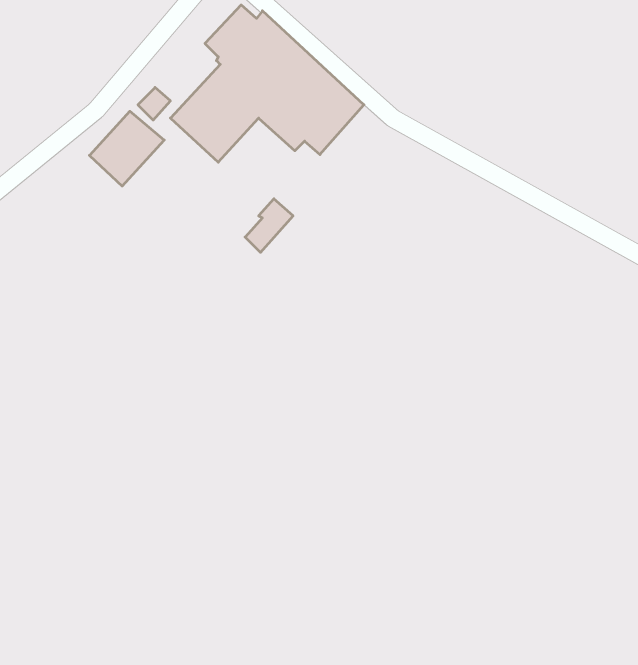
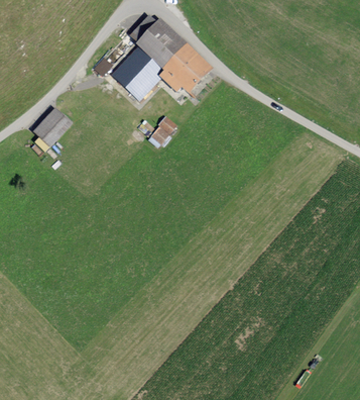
building: [89,111,164,186] -> [33,108,73,147]

